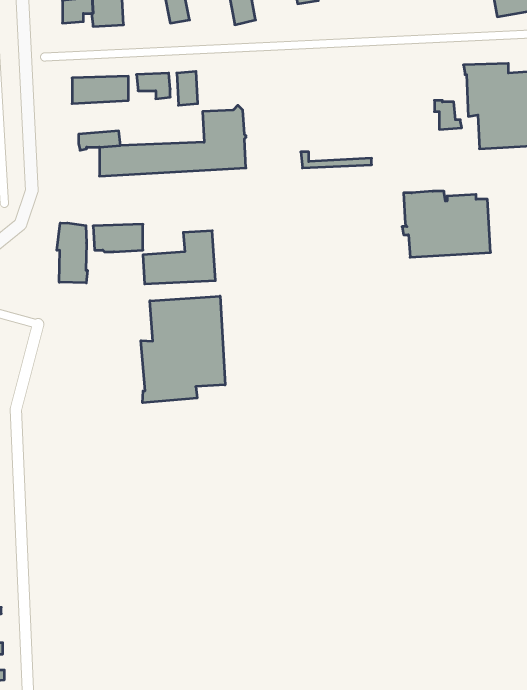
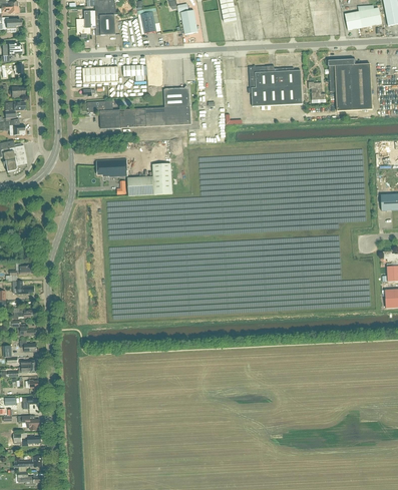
building: [402,191,491,257] -> [248,65,303,106]
building: [57,223,87,283] -> none
building: [141,296,225,403] -> none

